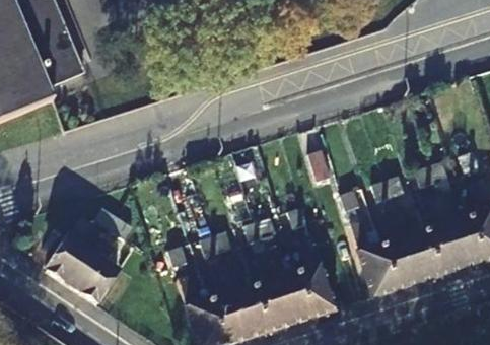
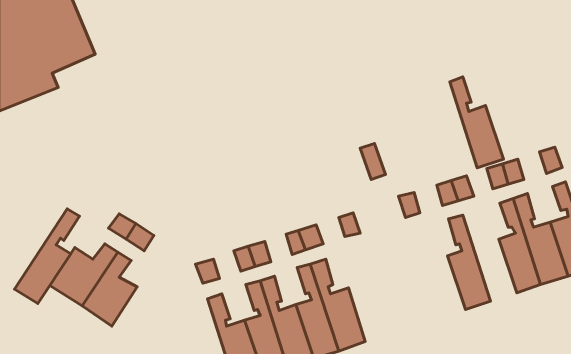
building: none -> [14,209,79,303]
building: [395,205,440,282] -> [450,77,503,168]
building: [349,219,397,297] -> none
building: [297,235,335,317] -> none

